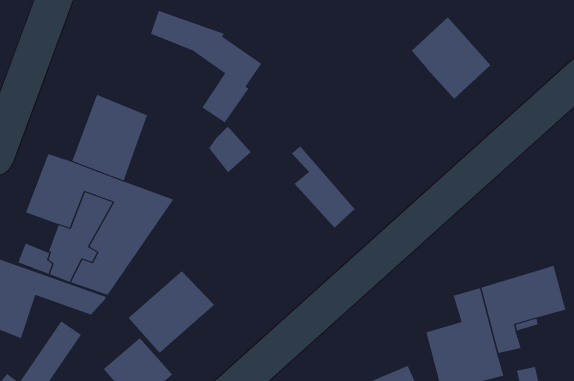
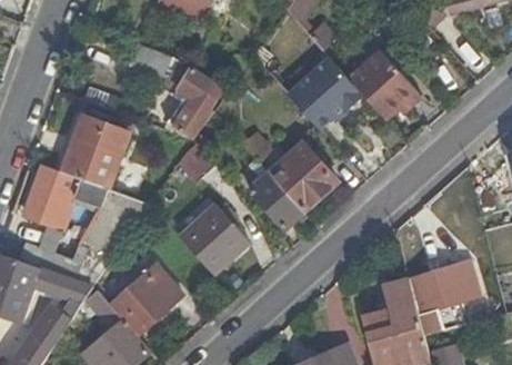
building: none -> [287,56,362,129]
building: none -> [242,135,337,213]
building: none -> [180,207,247,275]

